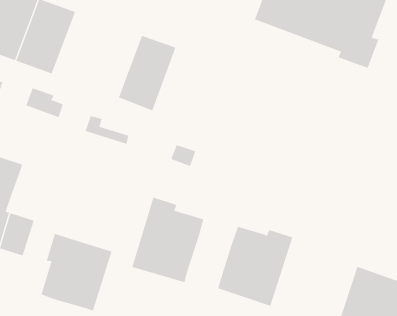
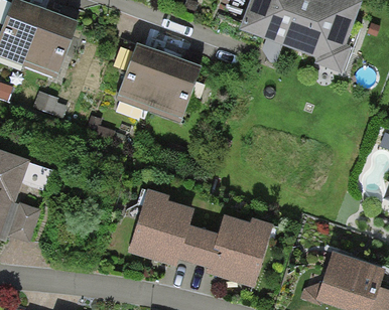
building: none -> [147,53,202,123]
building: [41,233,112,312] -> none
building: none -> [178,223,218,267]

